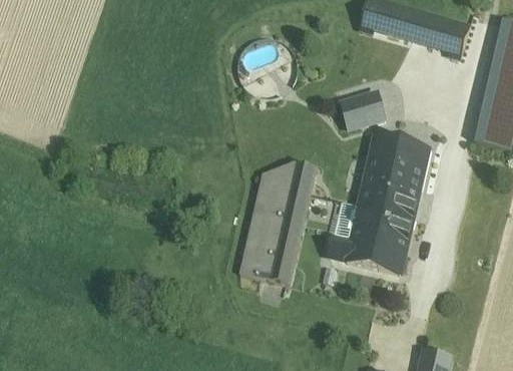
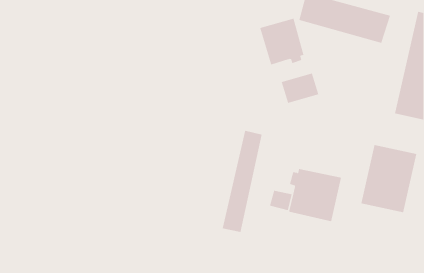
building: none -> [260,18,304,65]
building: [360,135,428,218] -> [360,145,417,213]
building: [240,160,295,279] -> none

